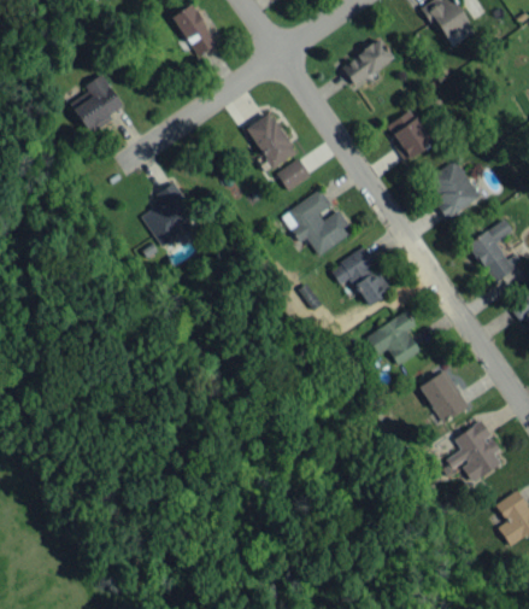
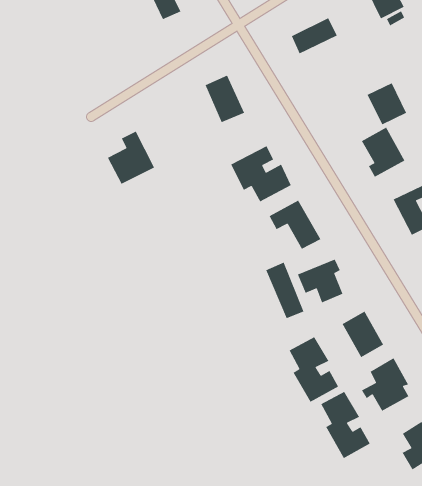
building: [70,74,125,131] -> none
building: [387,110,434,159] -> [367,82,407,125]
building: [277,158,311,189] -> none
building: none -> [265,261,305,319]
building: none -> [289,336,339,403]
building: none -> [320,391,371,459]

